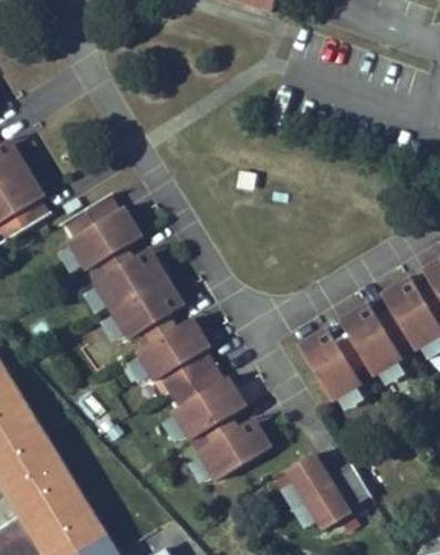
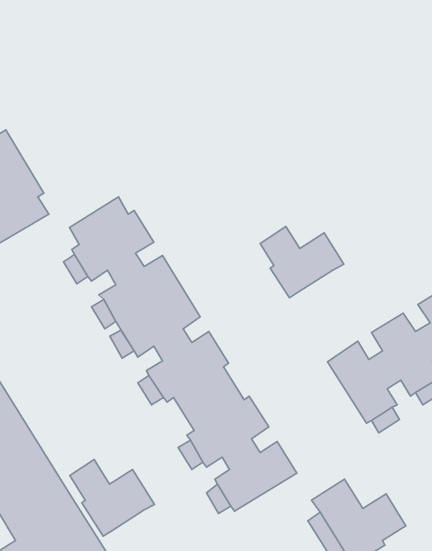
building: none -> [260,227,344,298]
building: none -> [70,460,155,536]

